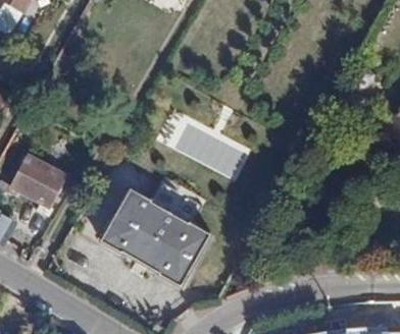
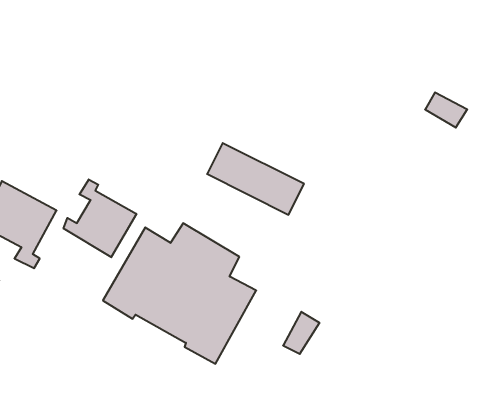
building: none -> [64,179,136,257]

